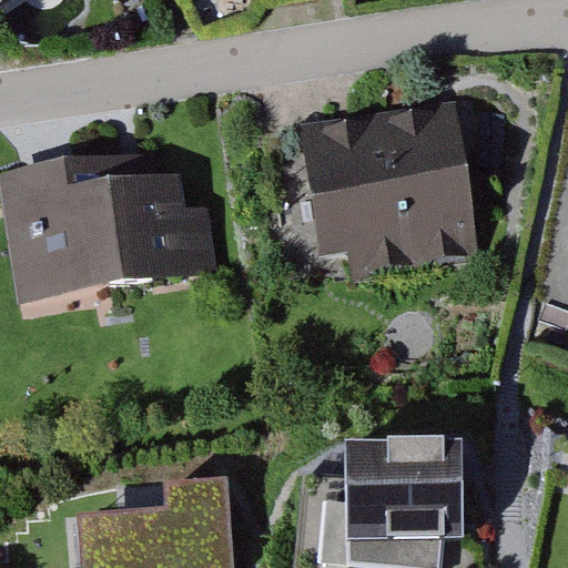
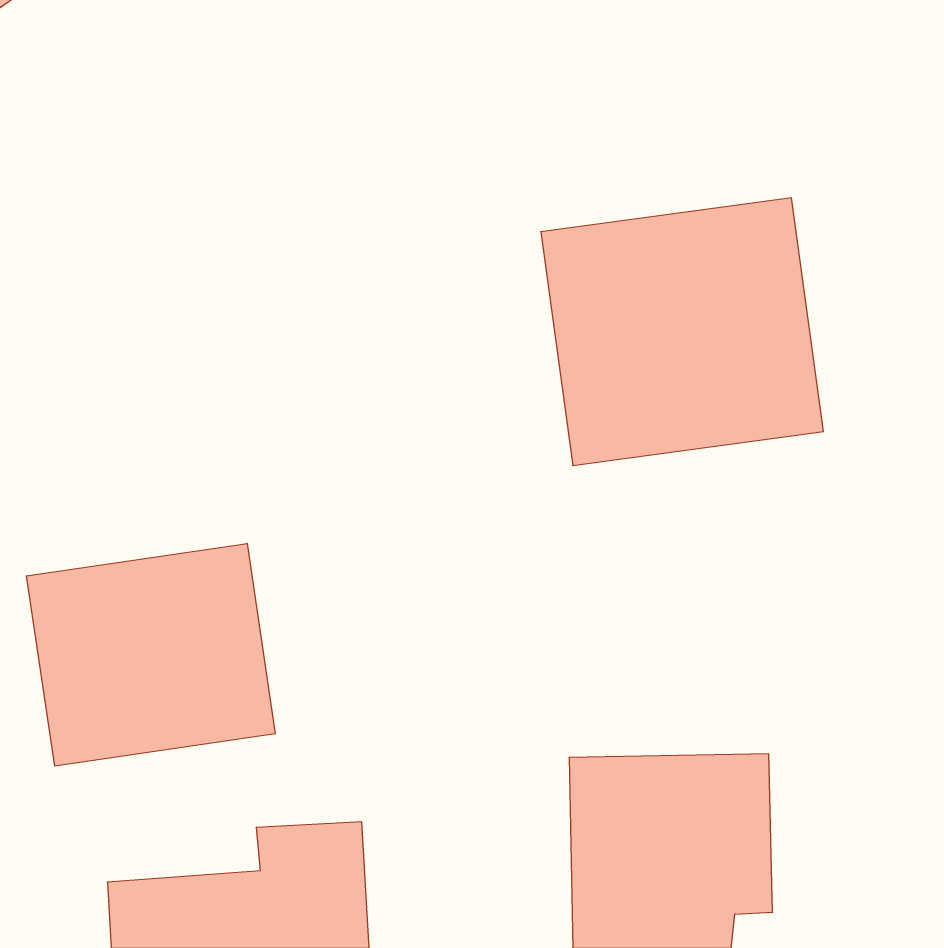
building: [4,162,180,294] -> none
building: none -> [27,543,275,766]

